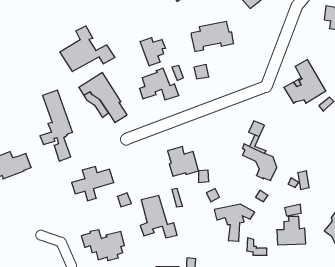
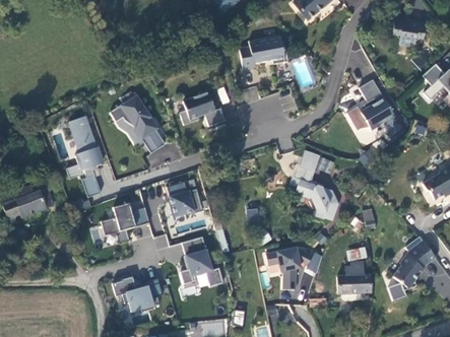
building: [60,26,115,72] -> none
building: [140,38,166,66] -> none
building: [168,146,198,176] -> [168,182,203,216]

